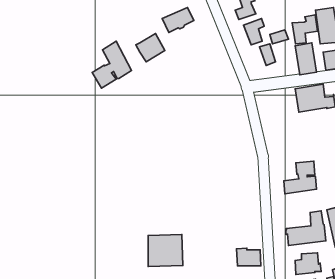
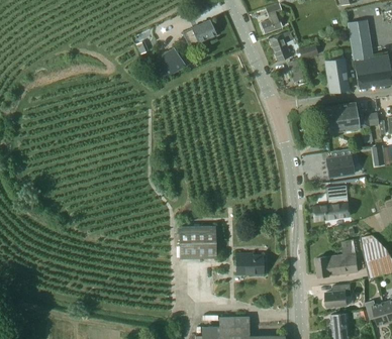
building: [292,15,318,44] -> none
building: [92,41,131,88] -> none
building: none -> [326,148,355,178]
building: [148,235,183,266] -> [179,225,216,259]
building: [237,248,261,266] -> [236,254,263,273]

